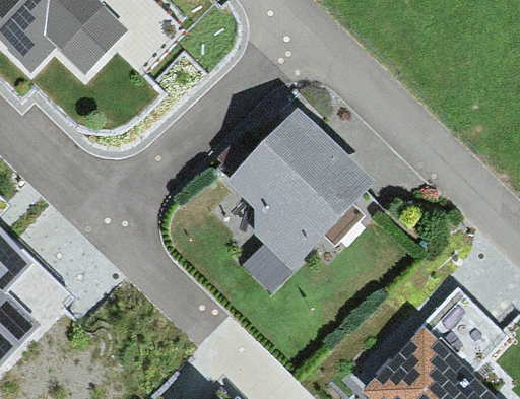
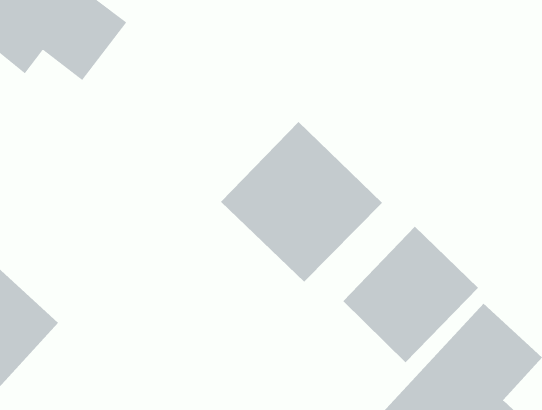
building: none -> [342,226,479,363]

